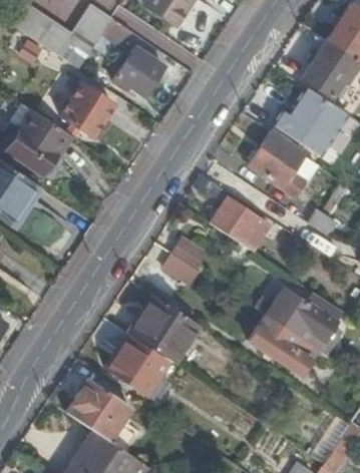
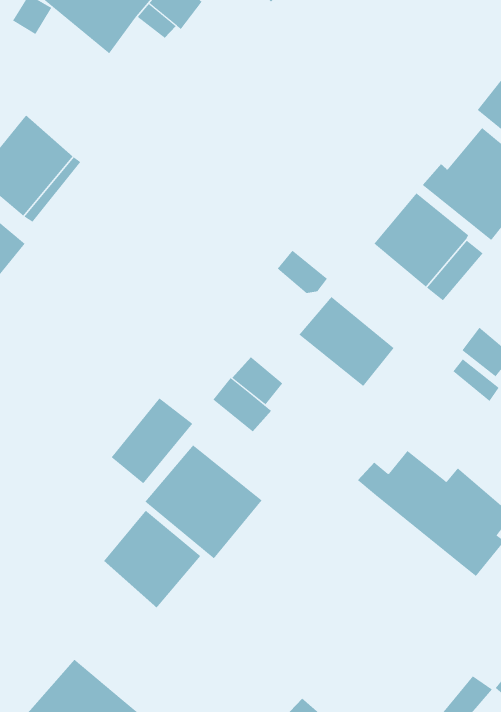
building: [113,47,164,96] -> none
building: [61,83,113,136] -> none
building: none -> [111,397,193,484]
building: [251,316,321,377] -> none
building: [70,381,138,453] -> none

